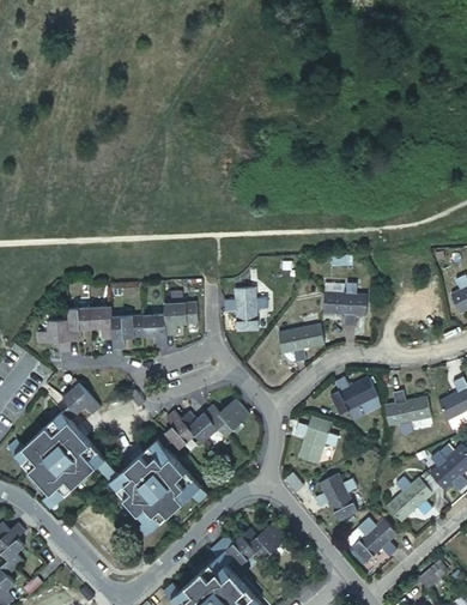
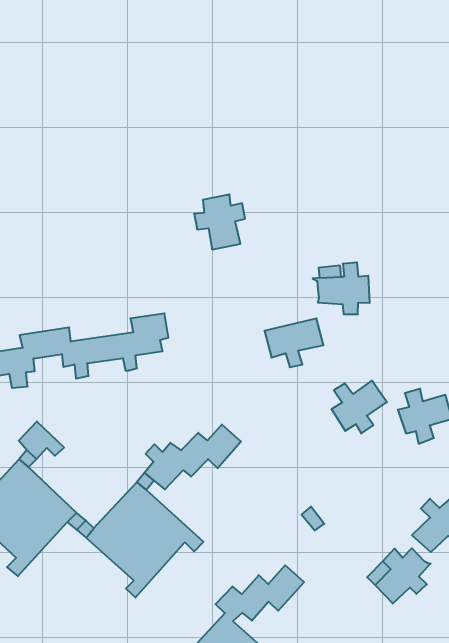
building: [225,280,267,325] -> [194,194,245,249]
building: [289,416,330,465] -> none
building: [314,476,357,522] -> none

